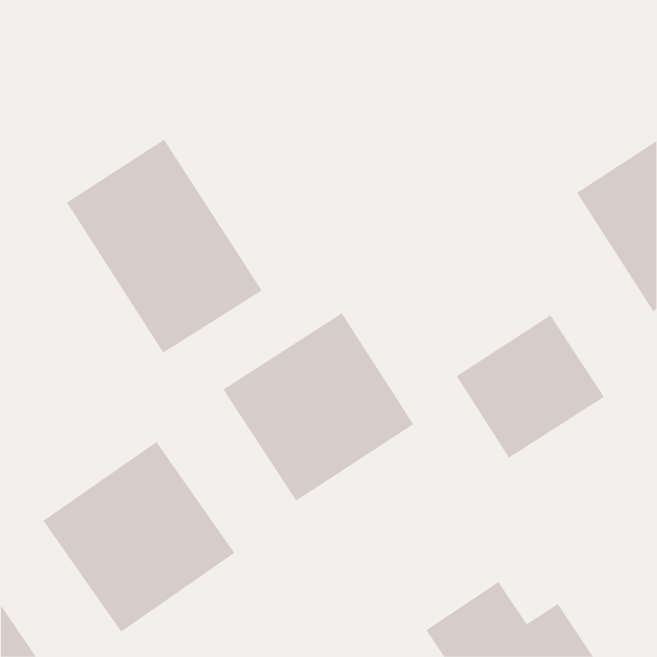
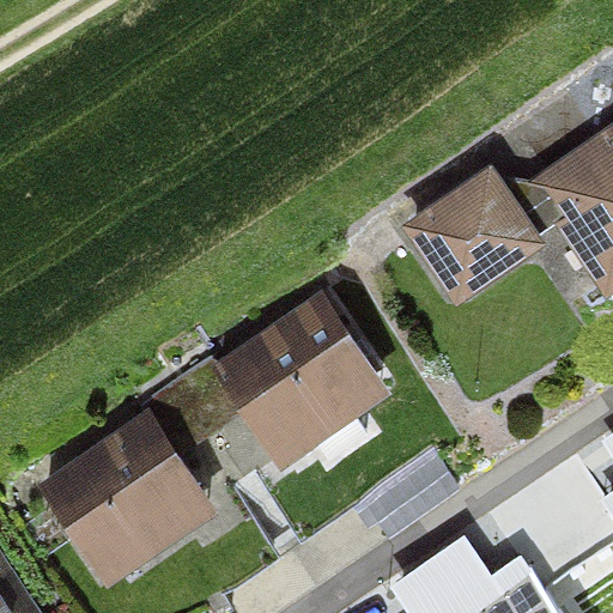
building: [66,139,262,354] -> none
building: [456,315,605,459] -> [408,172,547,306]

